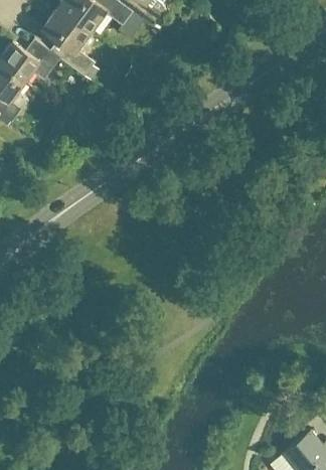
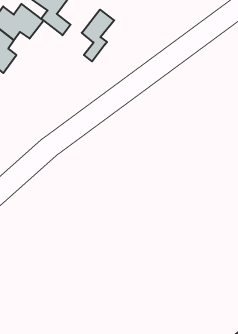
building: none -> [82,10,114,61]

